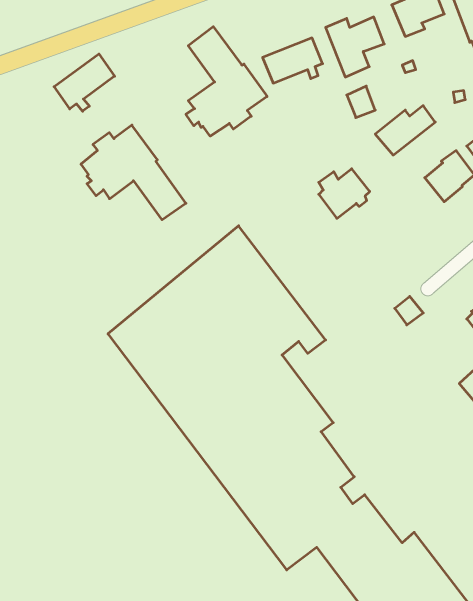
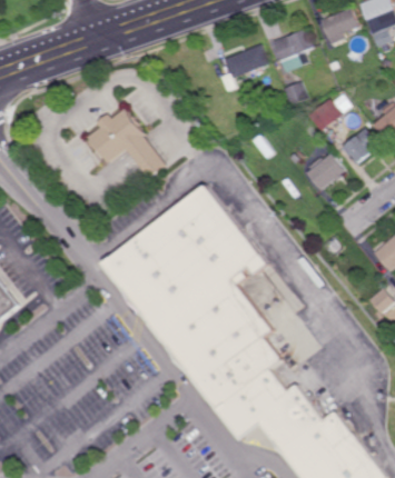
building: [186,27,267,136] -> none
building: [54,54,115,111] -> none
building: [319,169,370,218] -> [307,155,345,191]

